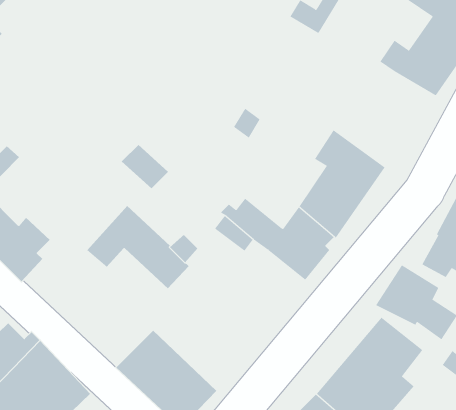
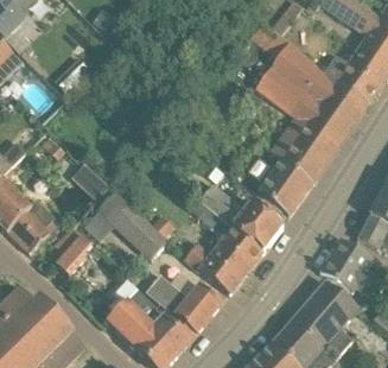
building: none -> [254,42,369,159]
building: [121,144,169,189] -> [69,160,108,197]
building: none -> [183,227,262,294]
building: none -> [56,228,91,274]
building: none -> [145,274,222,334]

